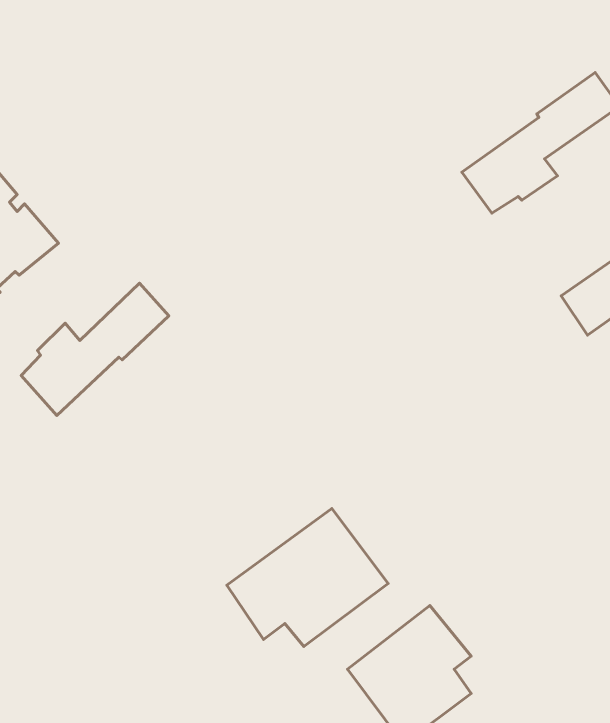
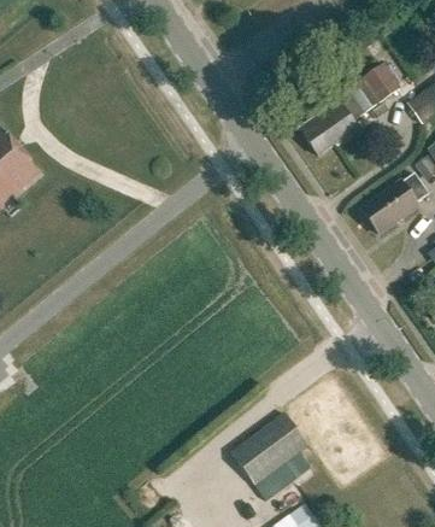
building: [21,283,169,415] -> none
building: [227,508,388,647] -> none

